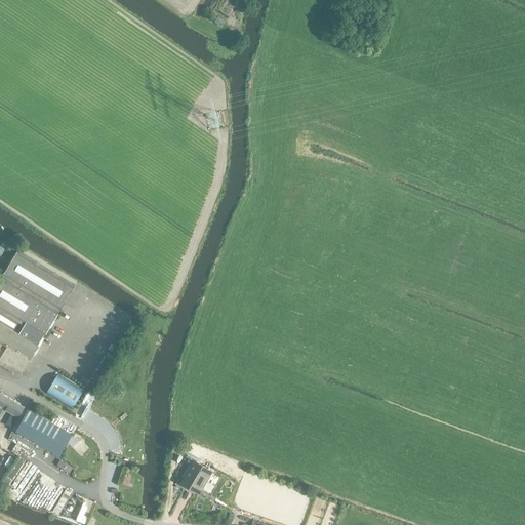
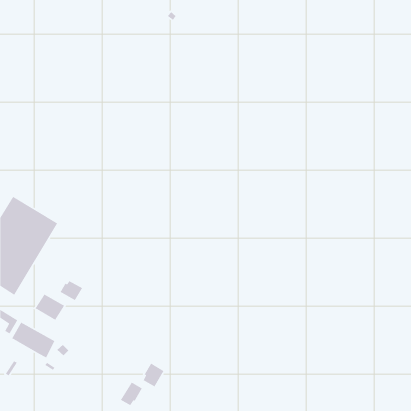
building: none -> [60,280,83,301]
building: none -> [120,381,143,406]

